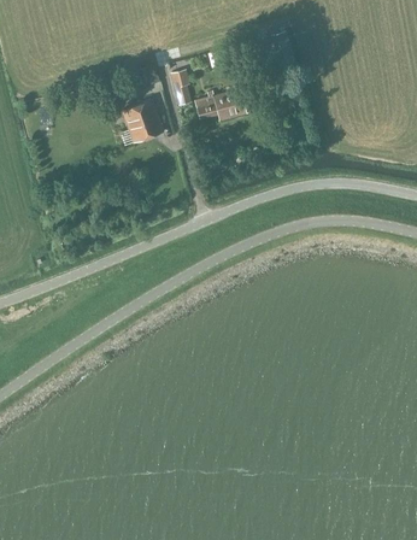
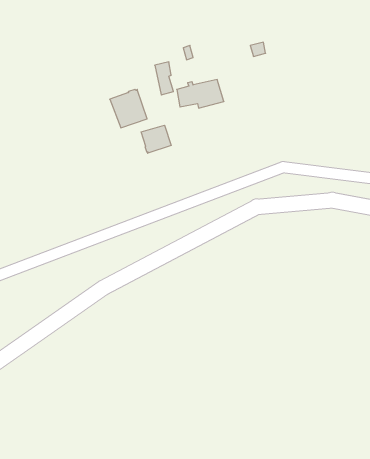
building: none -> [141,125,171,153]

